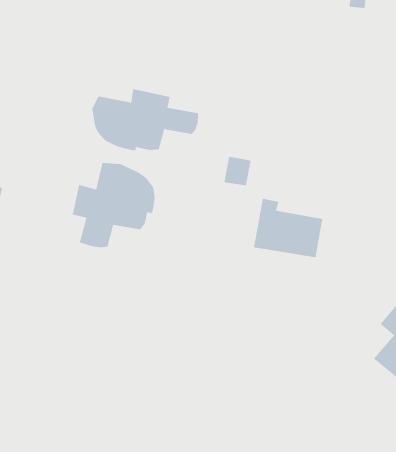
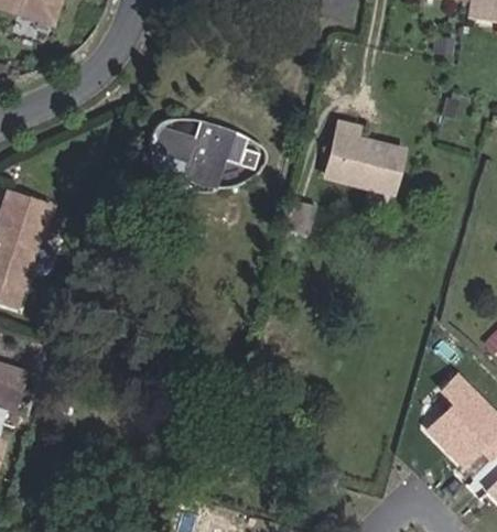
building: [72,162,155,248] -> none
building: [253,198,323,258] -> [324,122,401,191]

